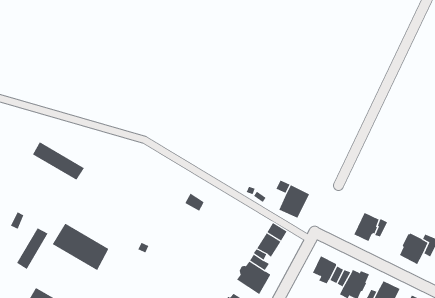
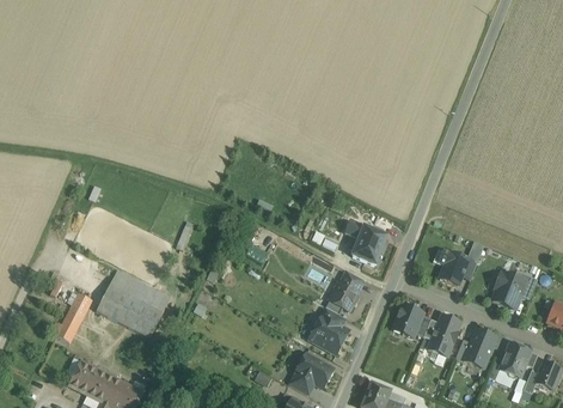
building: [32,141,85,180] -> [109,269,170,311]

